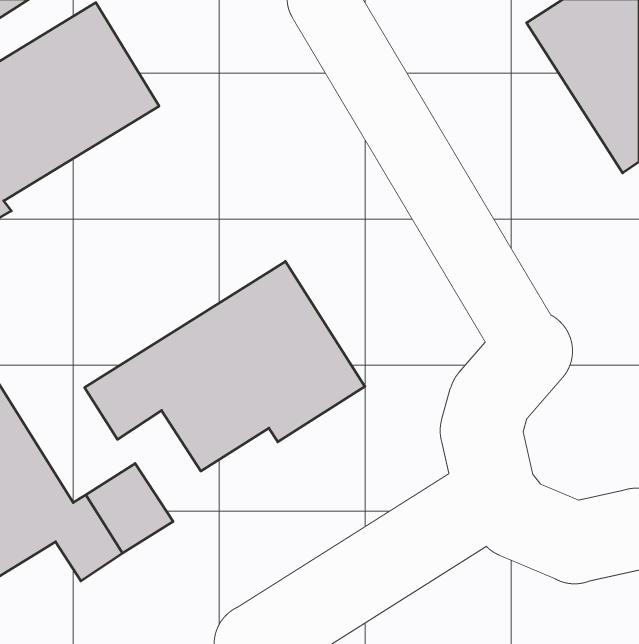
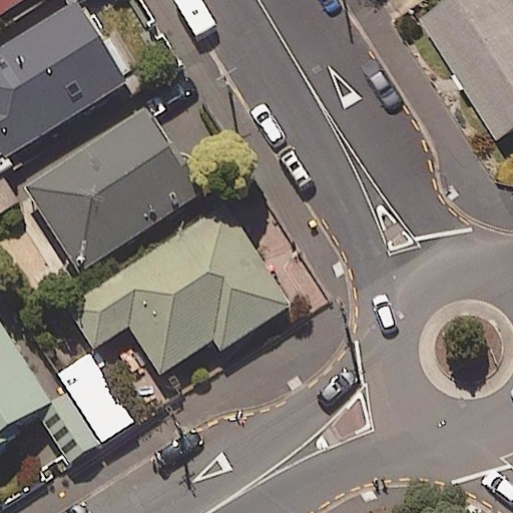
building: none -> [21,102,203,273]

